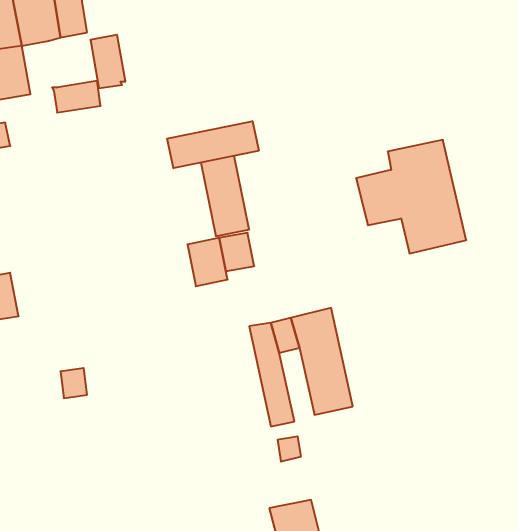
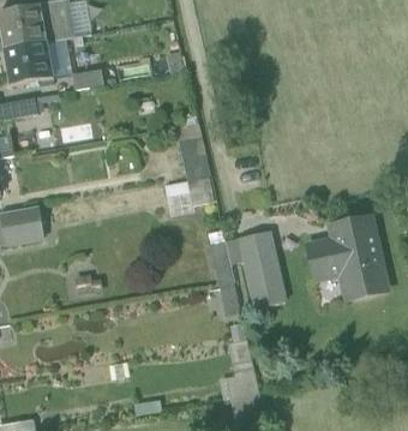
building: [90,35,125,88] -> [46,38,71,77]
building: [167,121,259,168] -> none
building: [356,140,466,253] -> [307,217,386,299]

